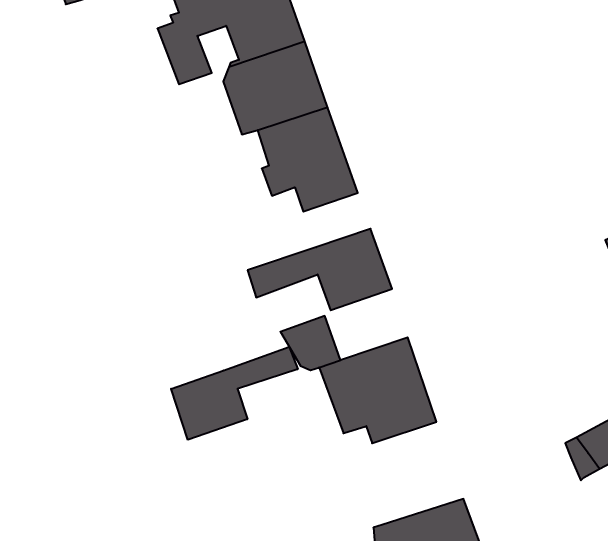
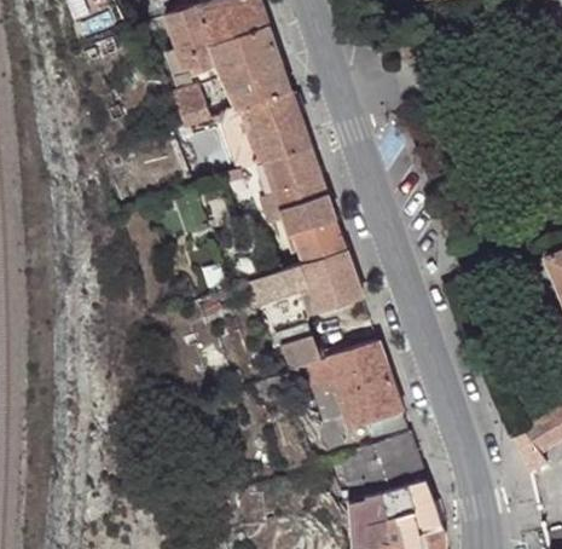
building: none -> [285,218,347,264]
building: [171,347,298,440] -> none
building: none -> [334,429,425,498]

